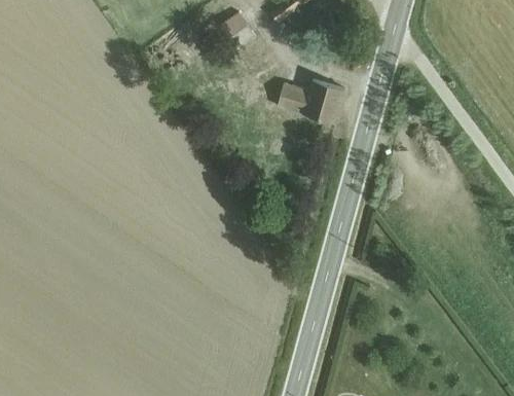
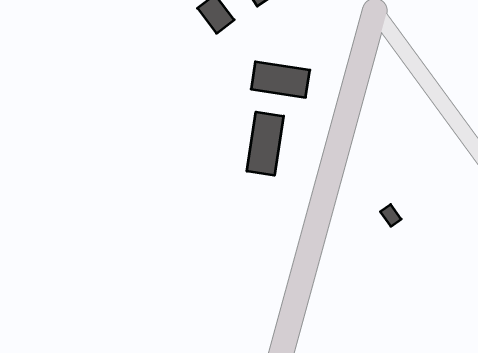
building: none -> [247,112,284,175]

